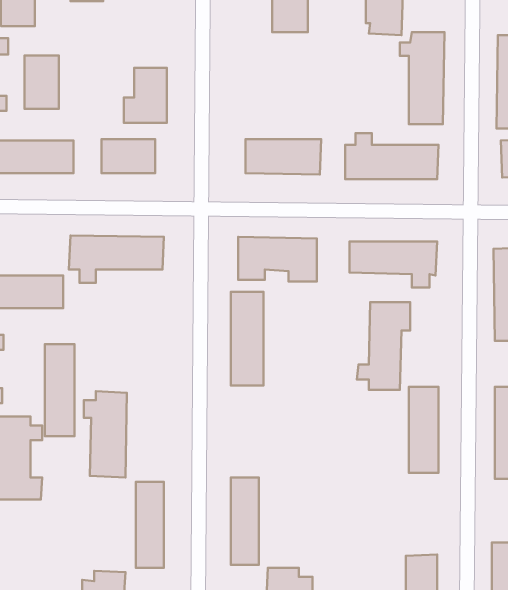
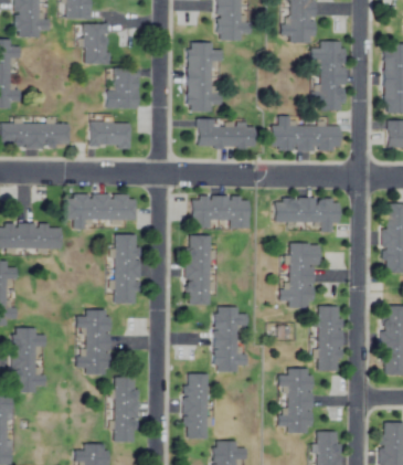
building: none -> [188,43,223,112]
building: [25,55,59,109] -> [84,24,109,64]
building: [45,344,75,436] -> [116,234,138,303]
building: none -> [214,307,248,371]
building: none -> [279,369,311,431]

